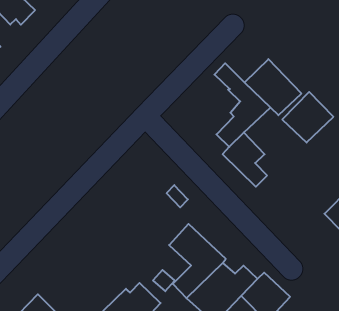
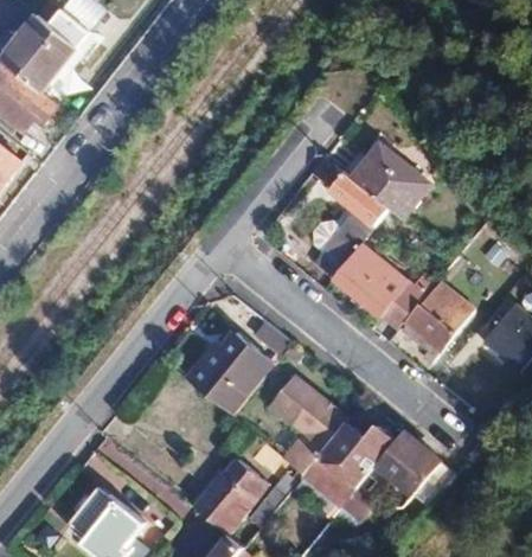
building: [282,92,333,143] -> [405,277,474,346]
building: none -> [188,332,274,416]

